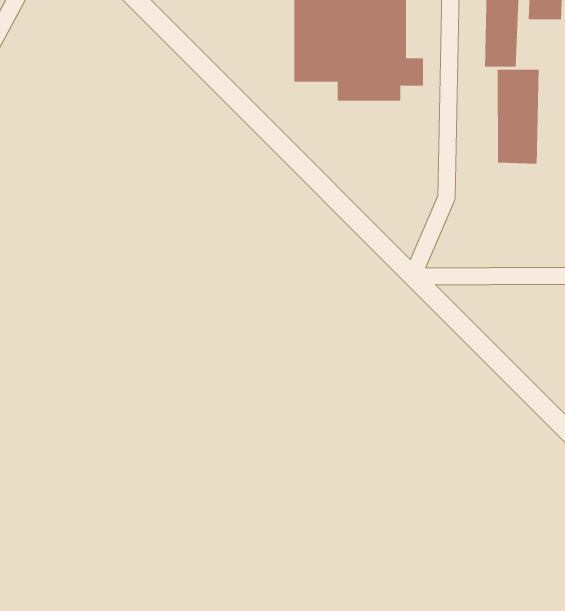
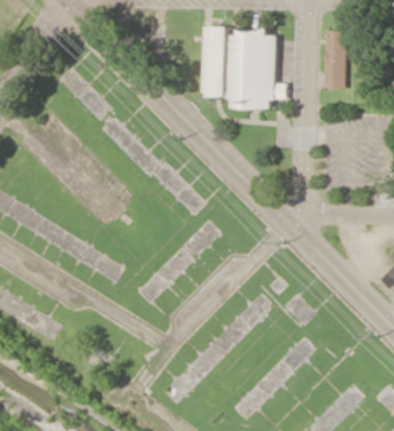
building: [497,69,539,165] -> none

